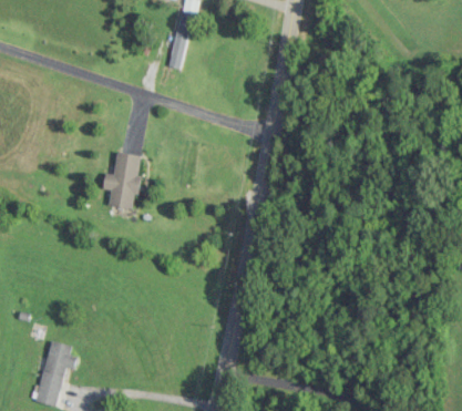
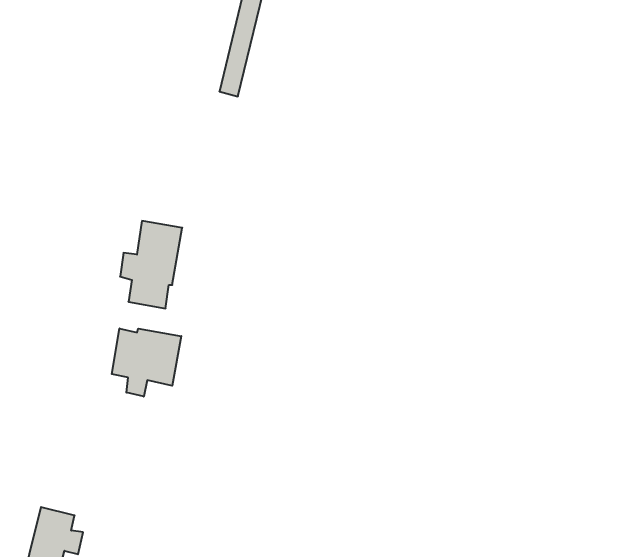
building: none -> [112,328,181,397]

